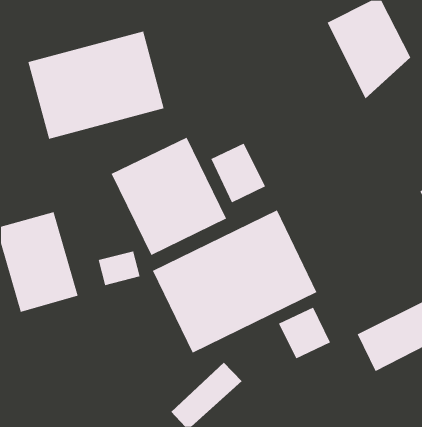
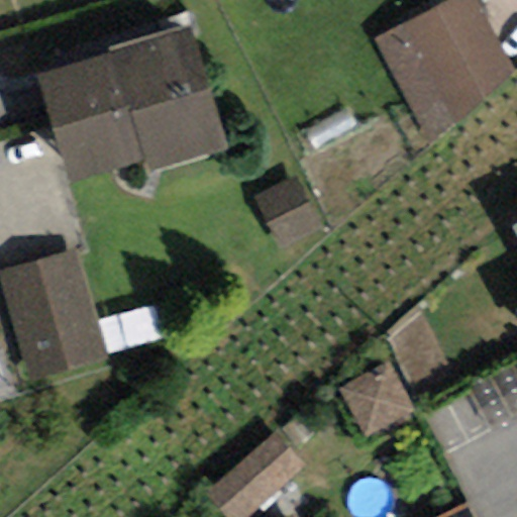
building: [111,137,227,256] -> none
building: [152,210,317,354] -> none

